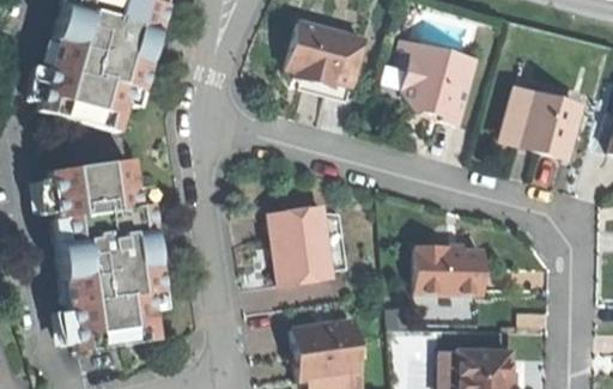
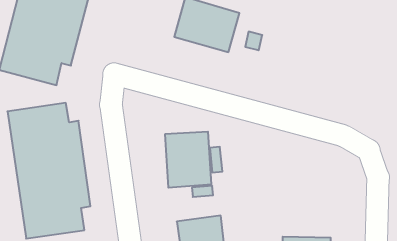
building: [401,35,482,120] -> none
building: [498,86,581,159] -> none
building: [411,244,478,292] -> none

